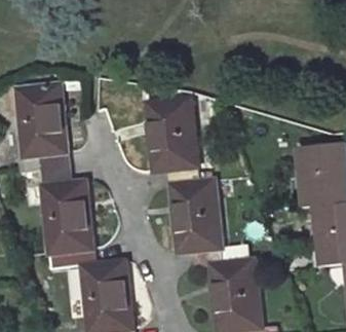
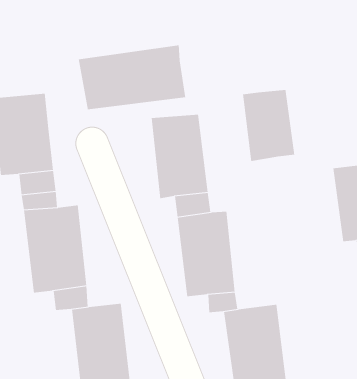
building: none -> [78,45,186,110]
building: none -> [242,89,295,162]

